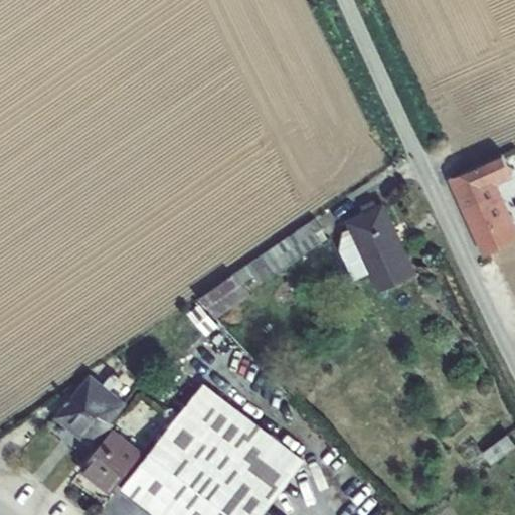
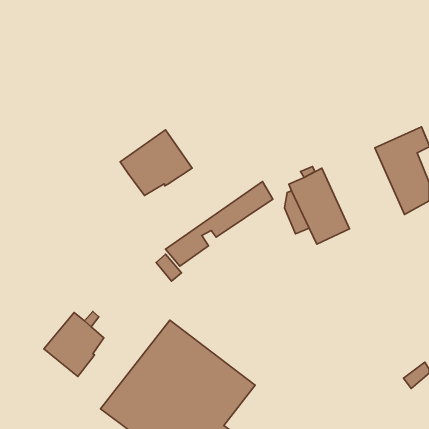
building: none -> [120,130,192,195]
building: [77,428,142,496] -> none

